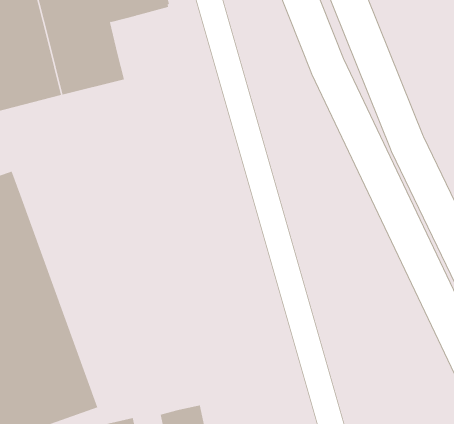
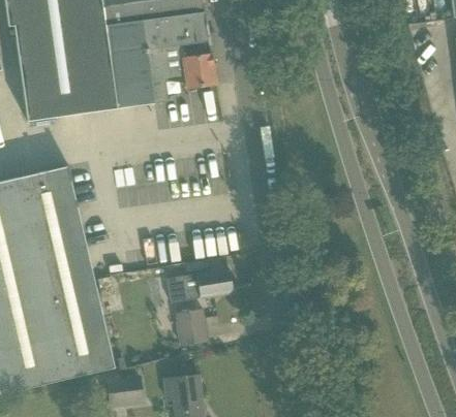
building: none -> [161,51,216,88]
building: none -> [166,268,232,301]
building: none -> [176,309,208,344]

